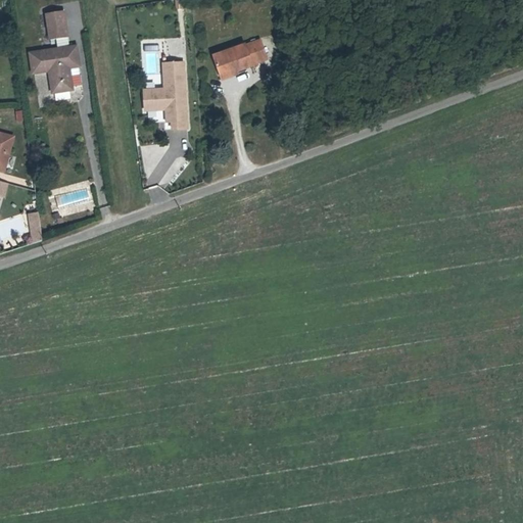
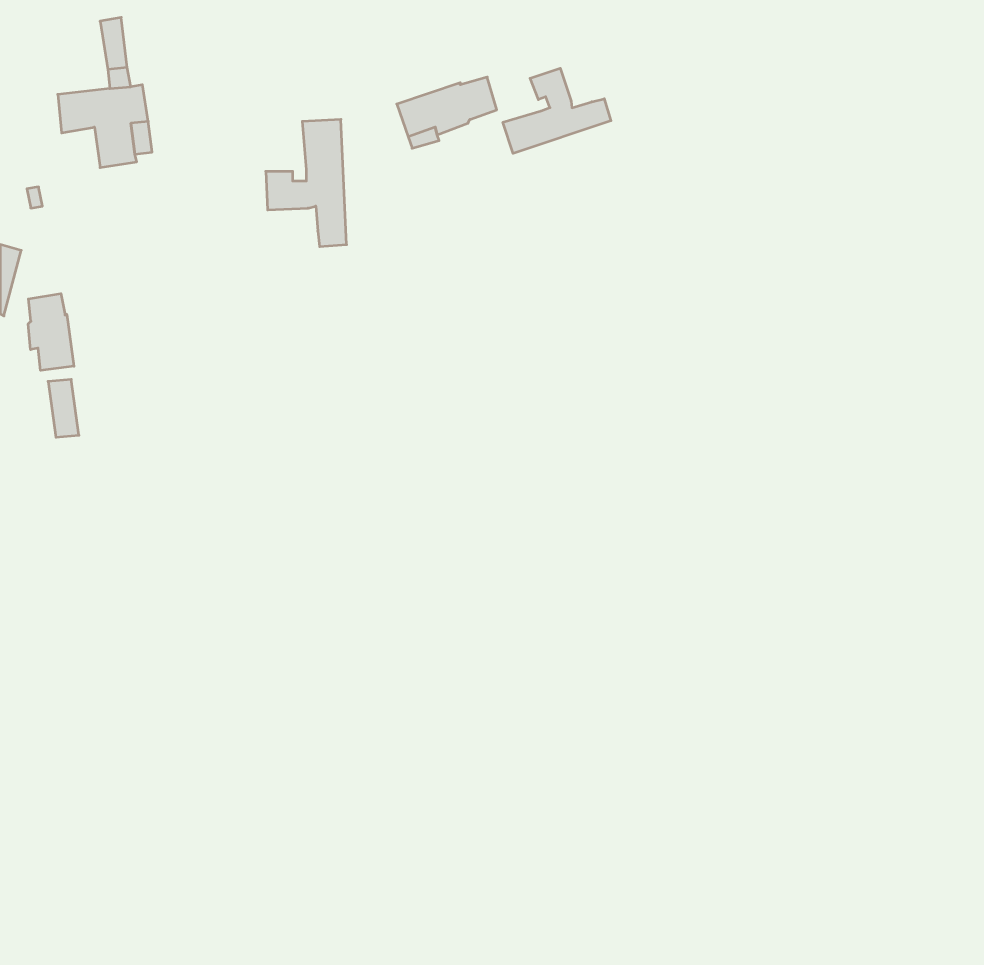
building: none -> [503,68,611,153]
building: none -> [28,294,74,370]

